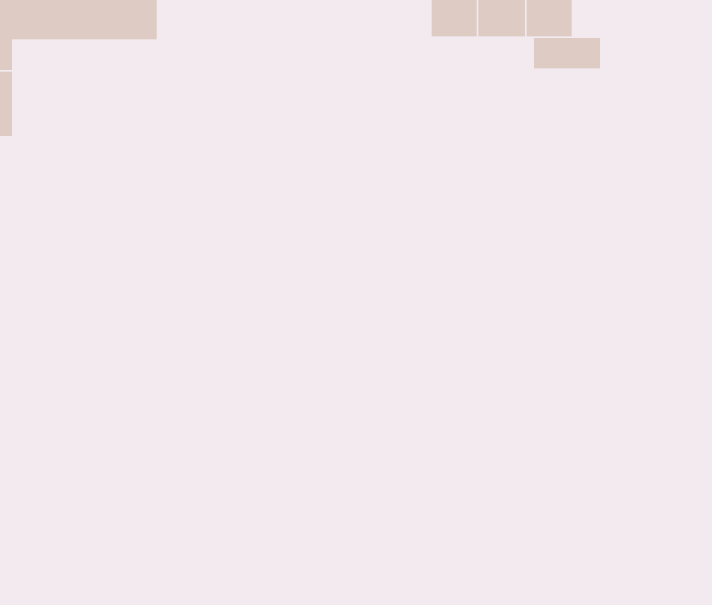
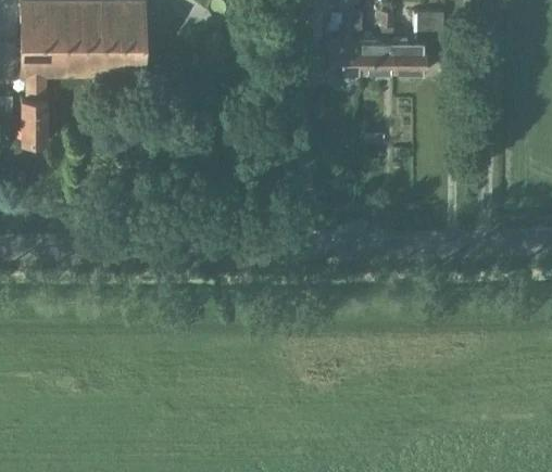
building: [533,37,601,69] -> none

